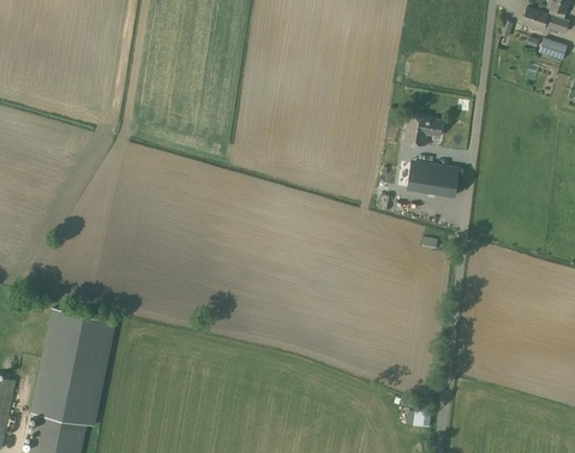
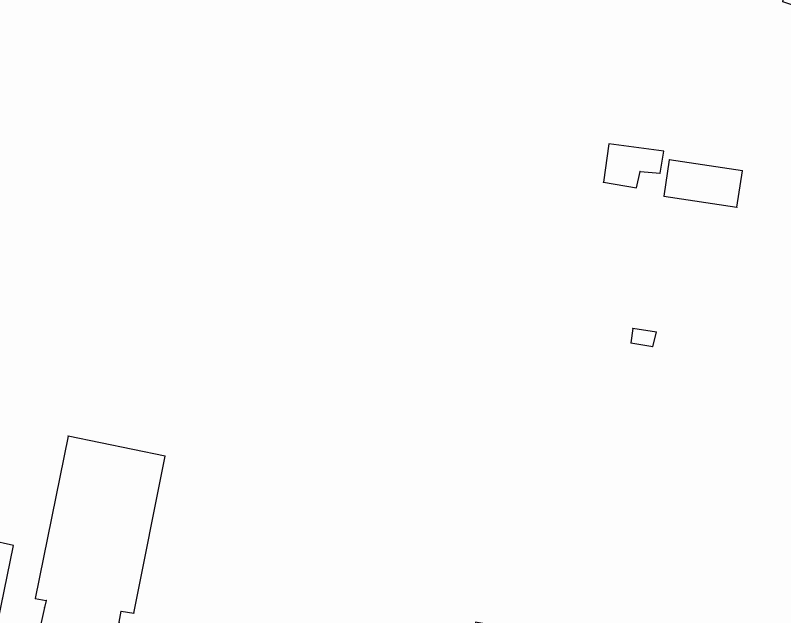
building: [407,165,459,196] -> [664,160,742,207]

